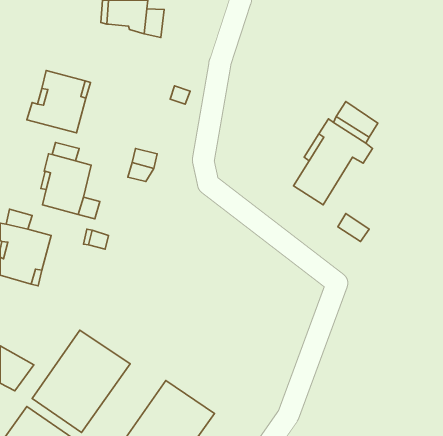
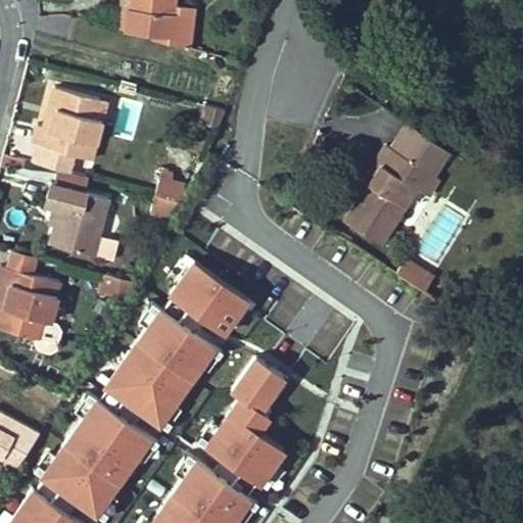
building: none -> [170,258,252,334]
building: none -> [103,306,217,427]
building: none -> [204,353,289,486]

